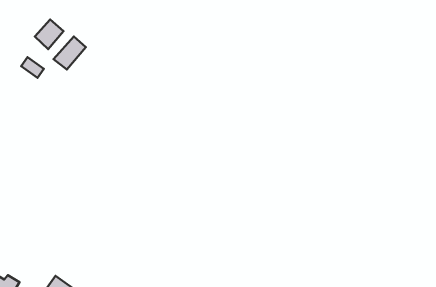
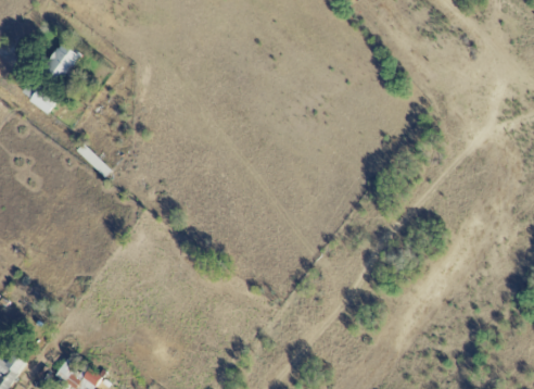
building: [54,36,86,70] -> none

